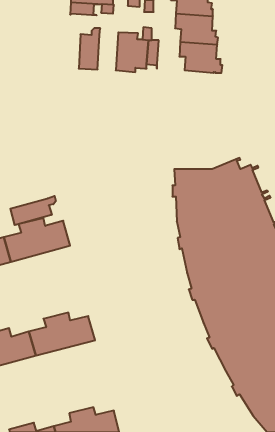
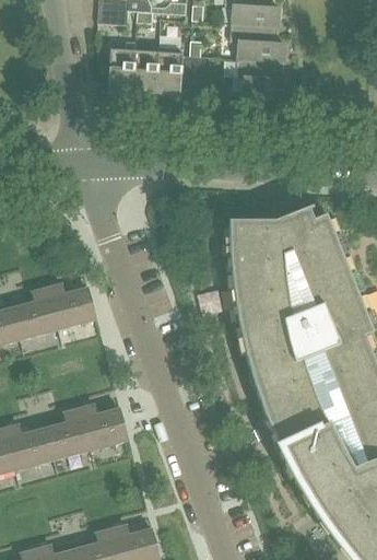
building: none -> [132,47,158,95]
building: [10,196,56,225] -> none

